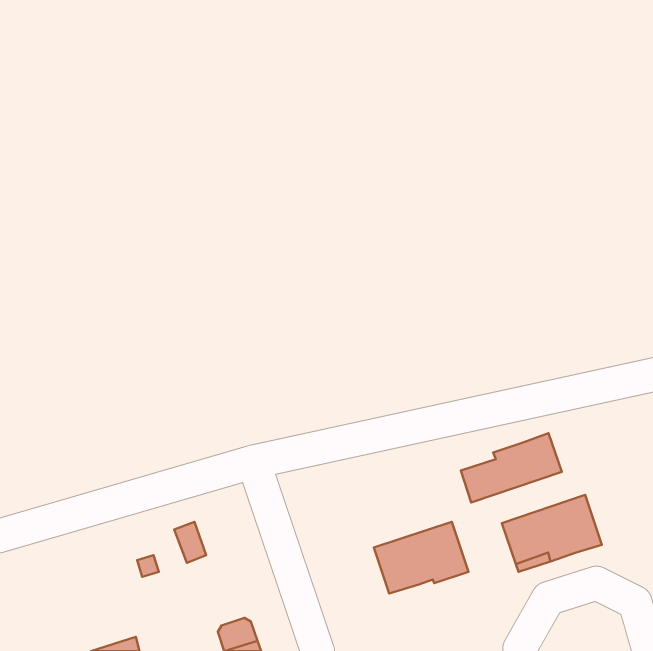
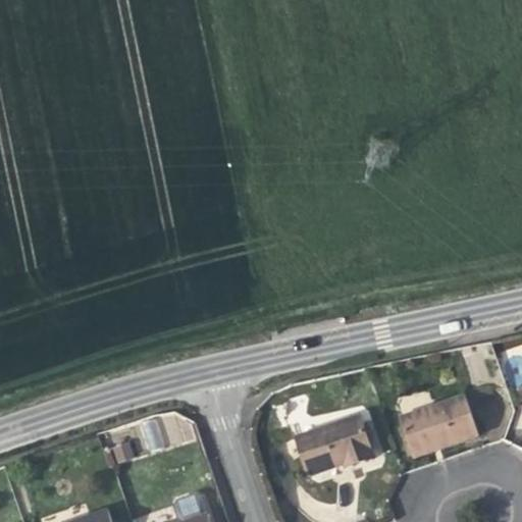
building: [461,433,562,503] -> none

